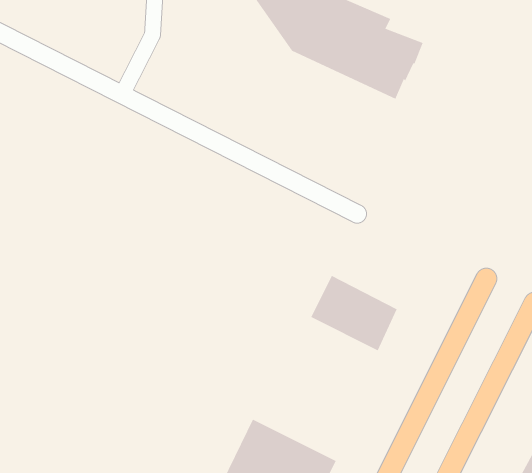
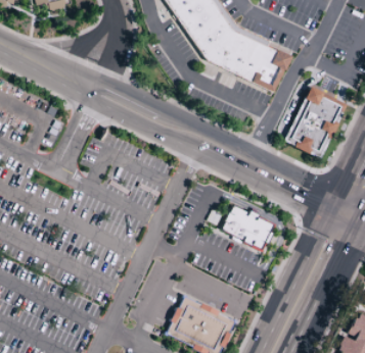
building: none -> [283,86,347,158]

